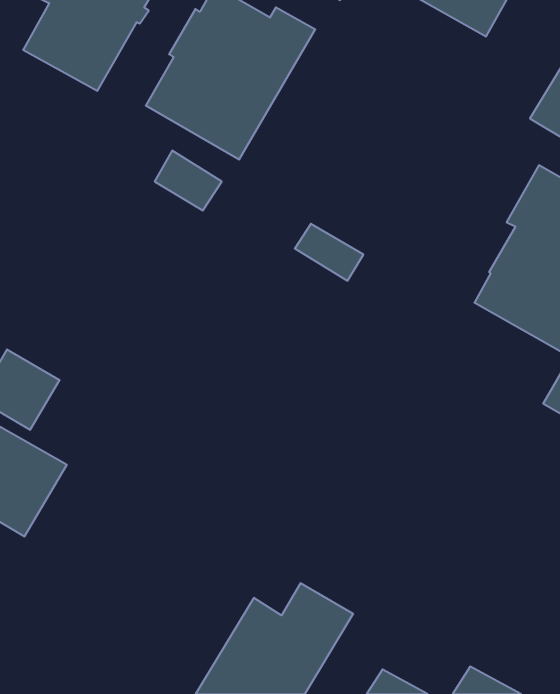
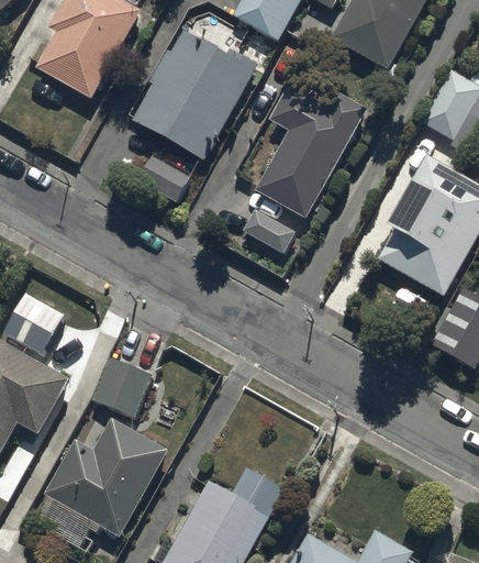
building: none -> [252,75,363,211]
building: none -> [93,363,151,421]
building: none -> [46,424,168,541]

